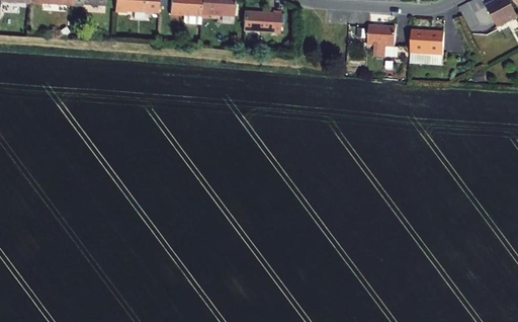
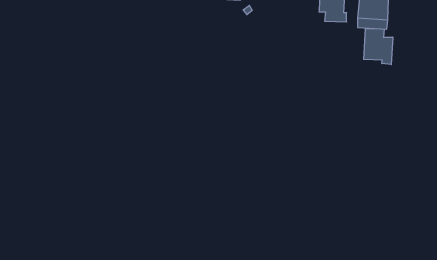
building: none -> [364,28,393,65]

